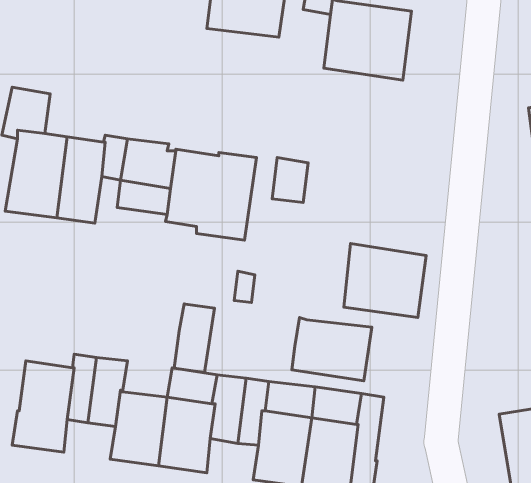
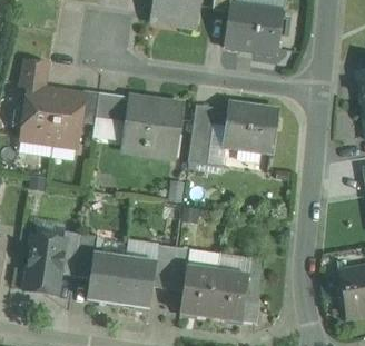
building: none -> [187,131,211,165]
building: [344,243,426,317] -> [224,103,277,151]
building: [174,304,214,373] -> none
building: [292,318,372,381] -> none

